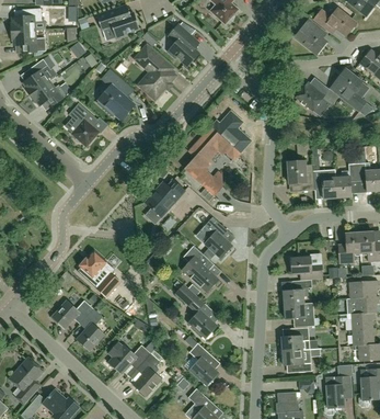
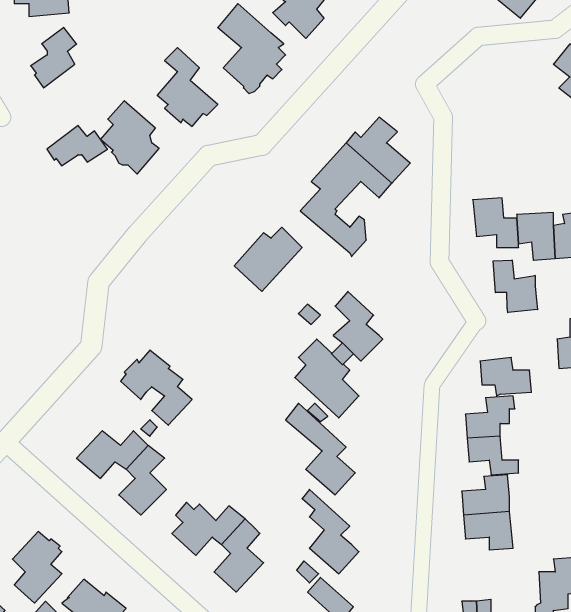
building: [31,81,67,105] -> [47,125,107,166]
building: [296,82,338,111] -> none
building: none -> [493,260,538,313]

